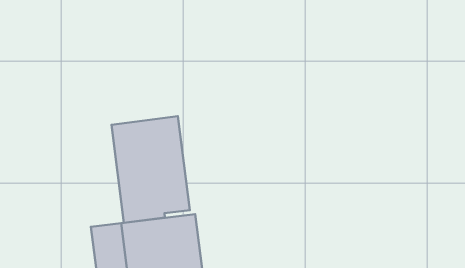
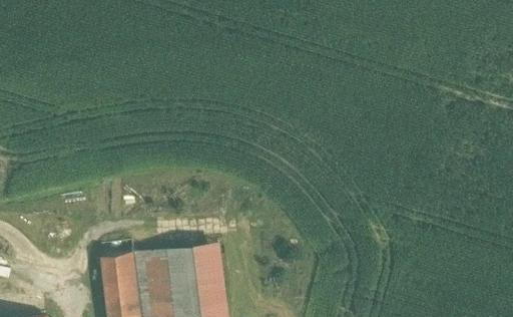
building: [112,116,190,223] -> none

